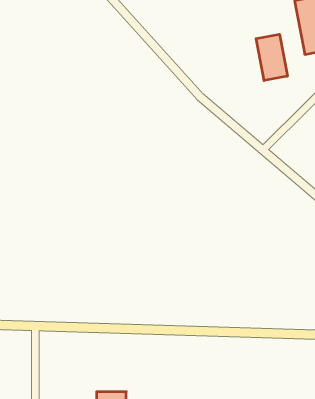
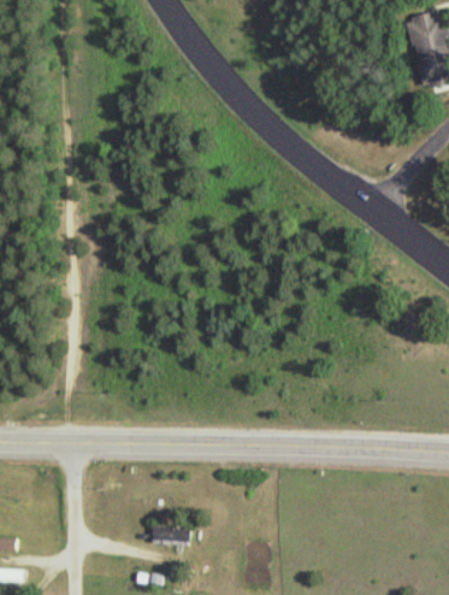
building: [256,34,287,81] -> none

